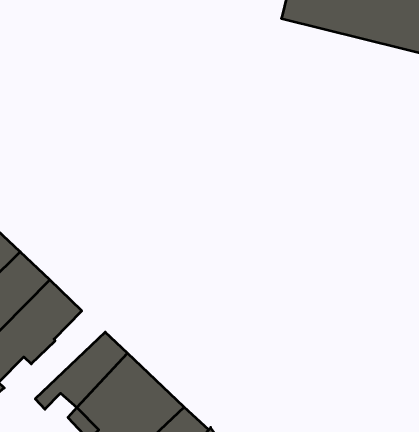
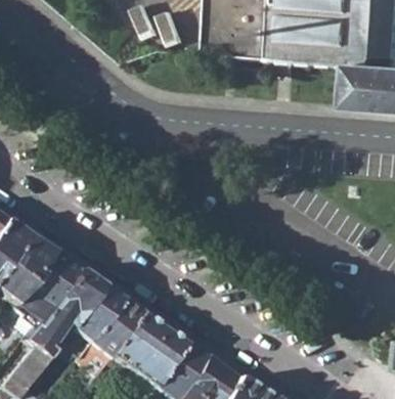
building: none -> [63,286,124,357]

